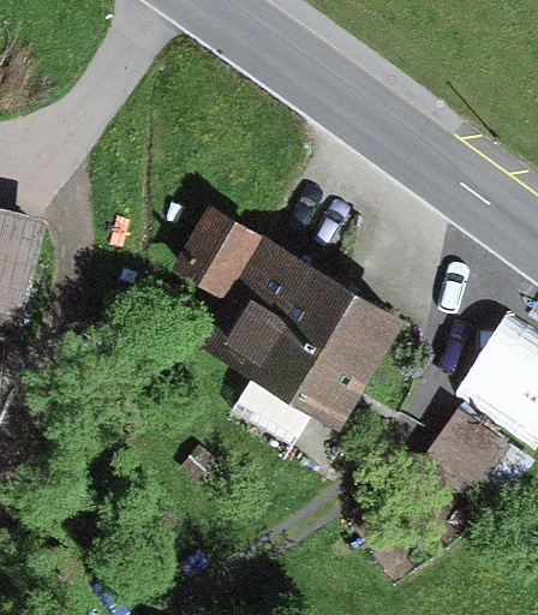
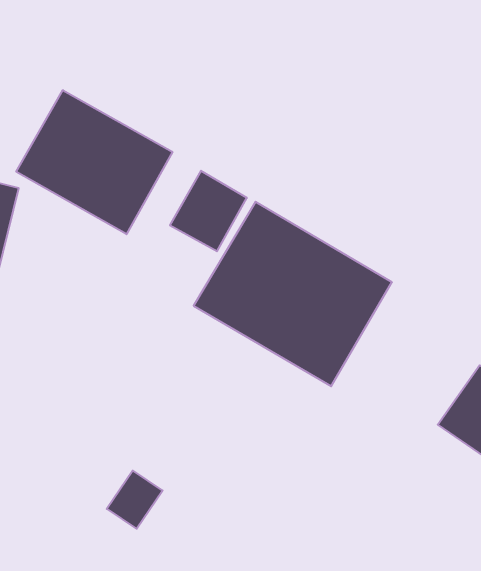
building: none -> [16,90,172,234]

